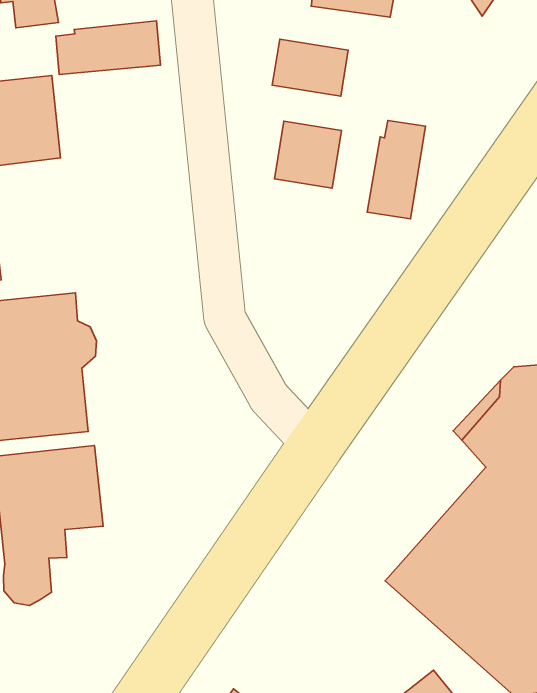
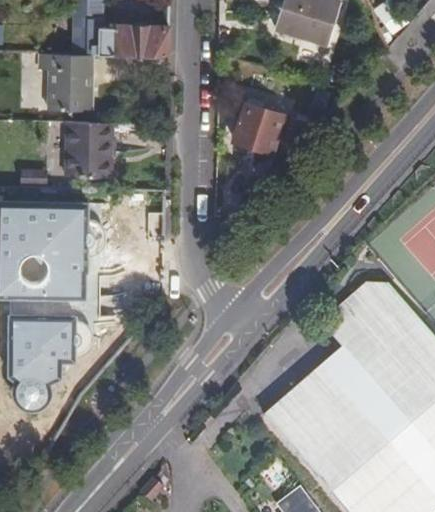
building: [272,39,348,96] -> none
building: [367,120,425,219] -> none
building: none -> [63,122,109,178]

